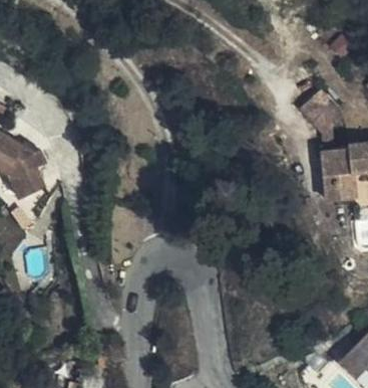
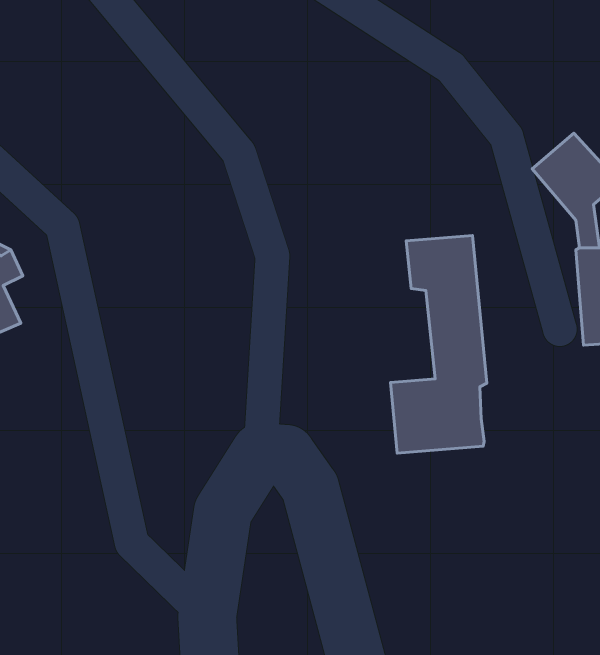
building: none -> [390,235,487,453]

